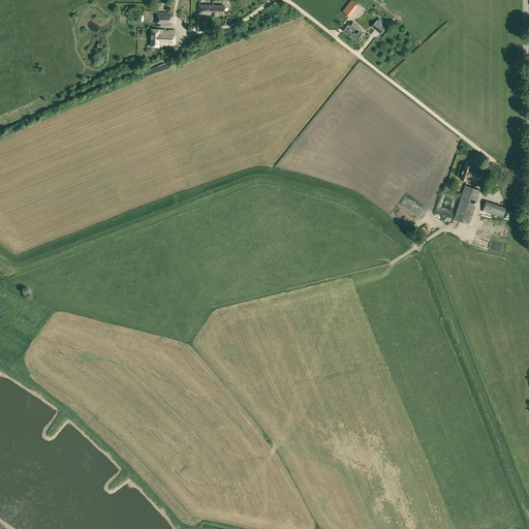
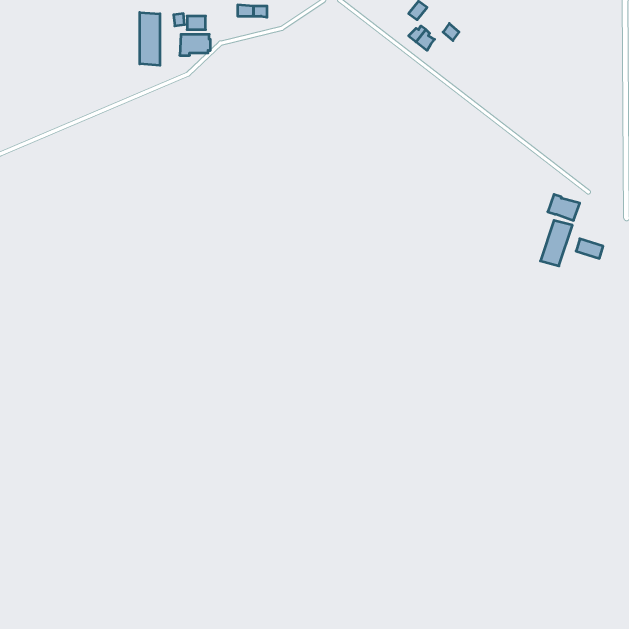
building: none -> [140,12,160,65]

